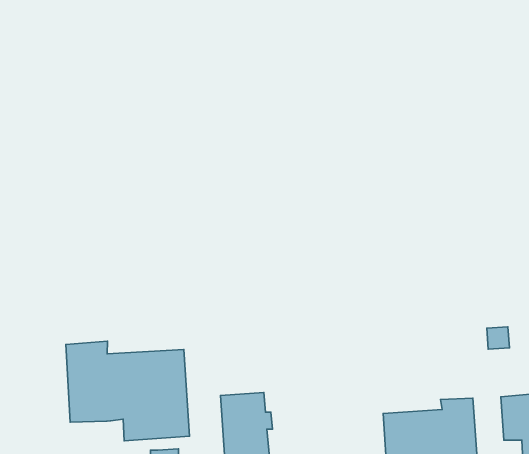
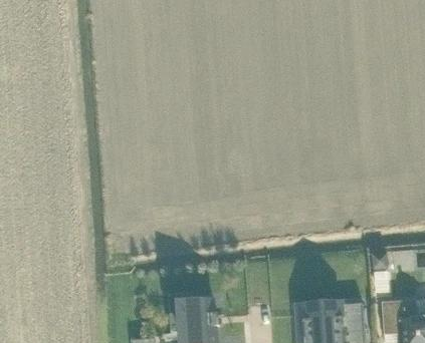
building: [66,341,190,441] -> none

